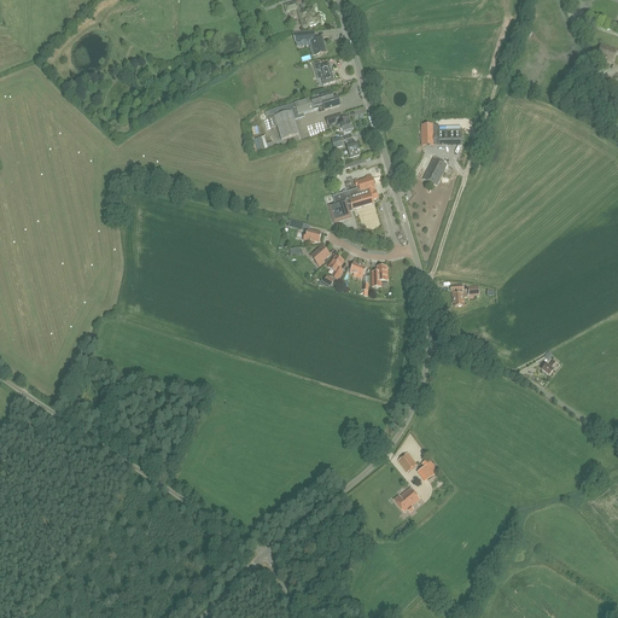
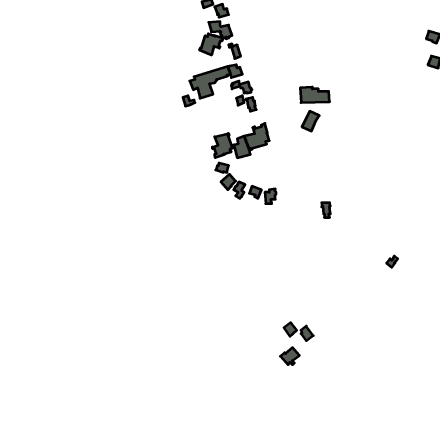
building: none -> [200,34,223,55]
building: none -> [212,133,232,158]

